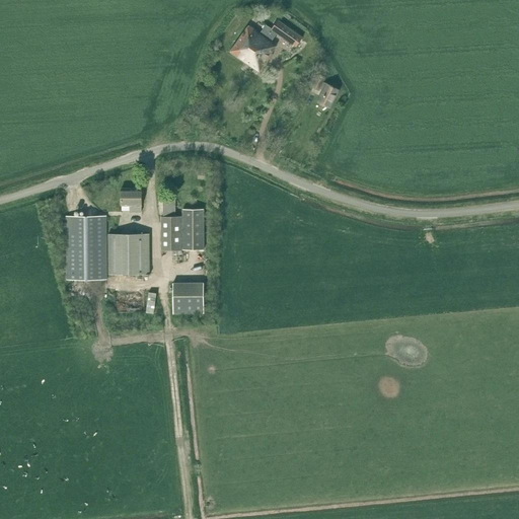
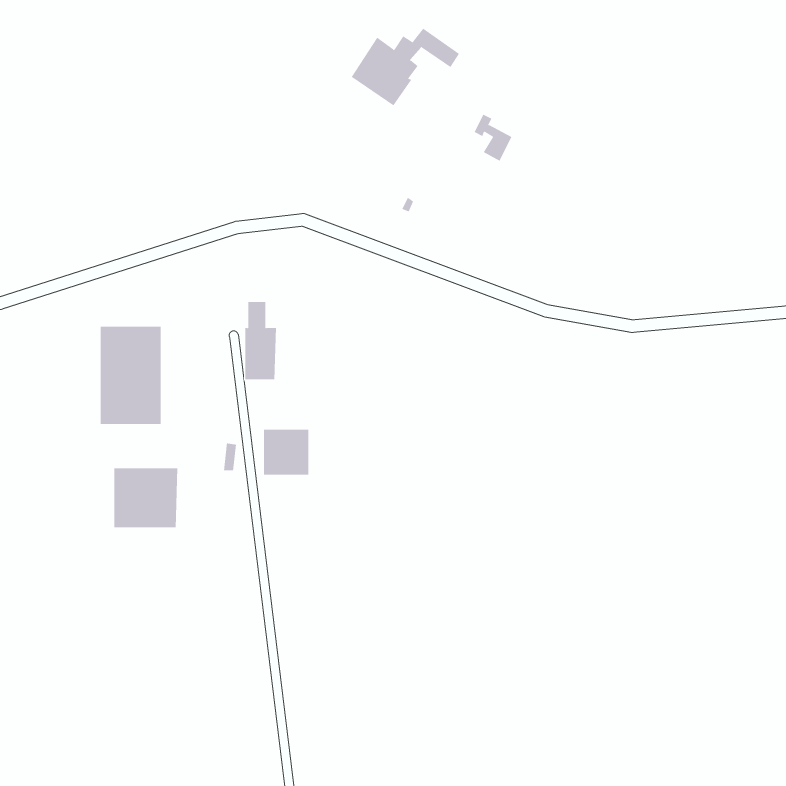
building: [121,189,142,210] -> none
building: [182,209,204,249] -> none
building: [107,234,150,274] -> [113,468,178,528]

